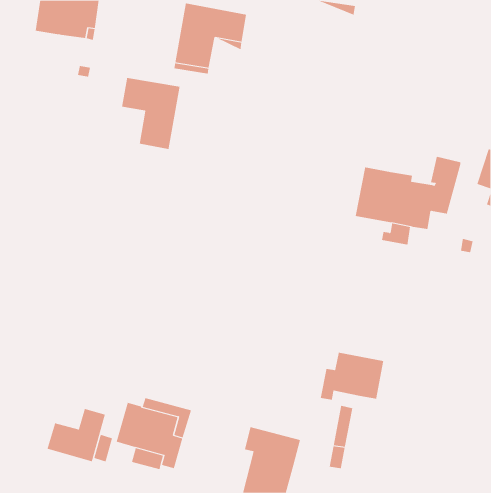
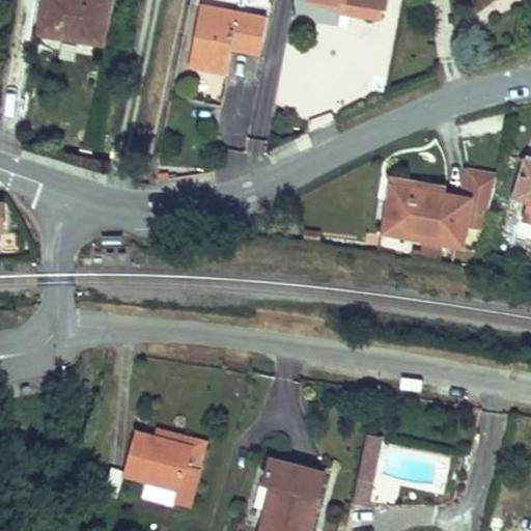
building: [122,77,180,150] -> none
building: [320,352,384,401] -> none
building: [47,408,106,462] -> none

